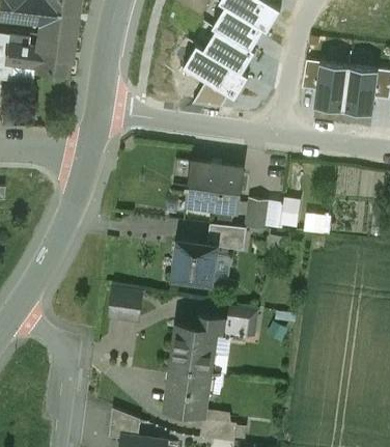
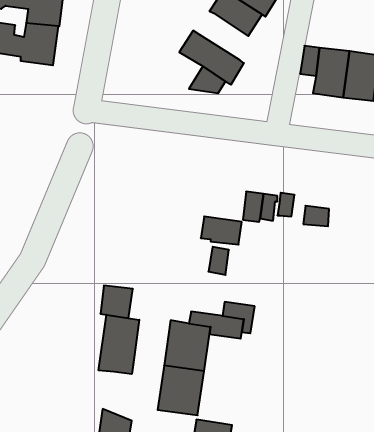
building: [204,29,255,74] -> none
building: [185,163,242,211] -> none
building: [172,242,215,284] -> none
building: none -> [99,315,139,374]

